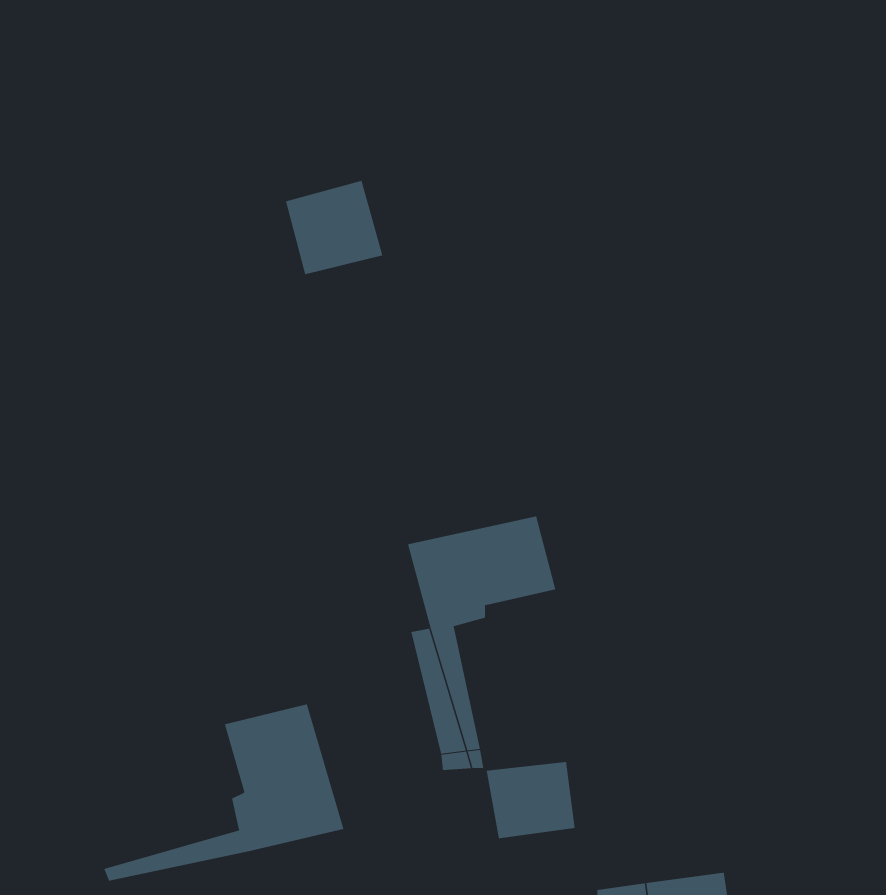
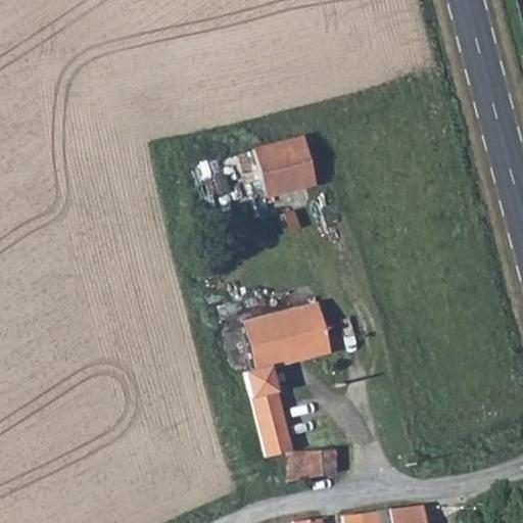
building: [285,180,383,275] -> [258,143,316,198]
building: [103,704,344,881] -> none

